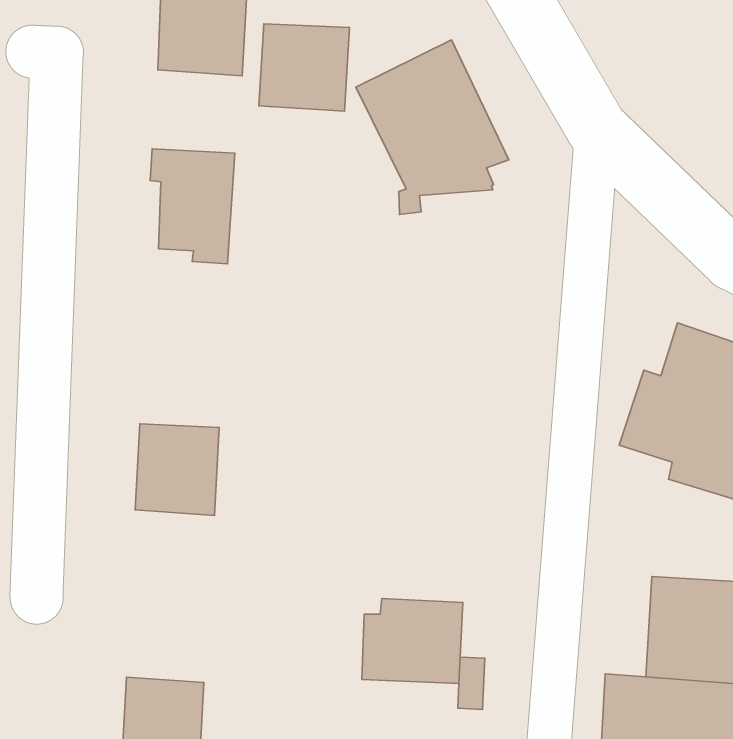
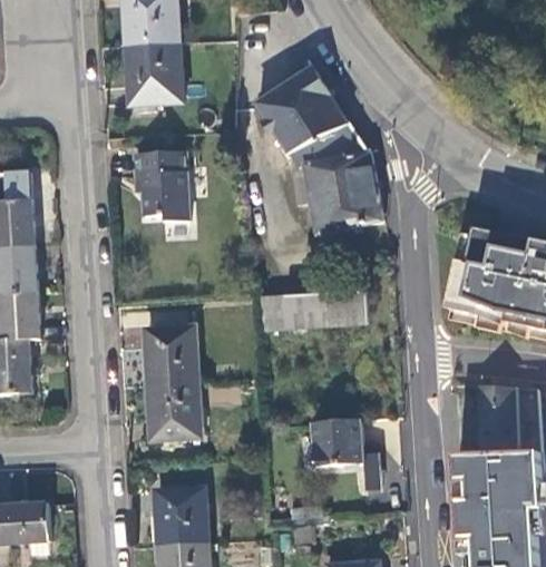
building: [259,24,349,111] -> none
building: none -> [292,136,382,234]
building: none -> [262,291,368,328]
building: none -> [147,381,201,440]

